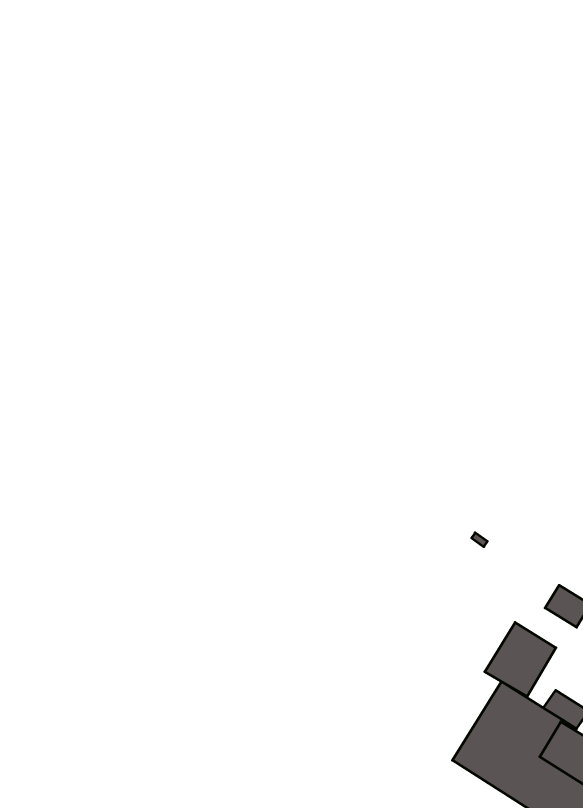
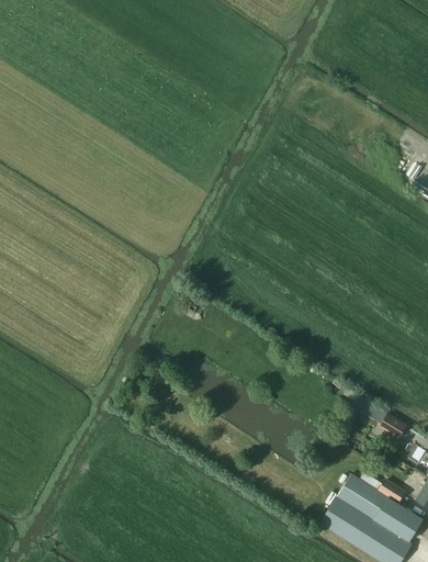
building: [485,622,556,697] -> none

